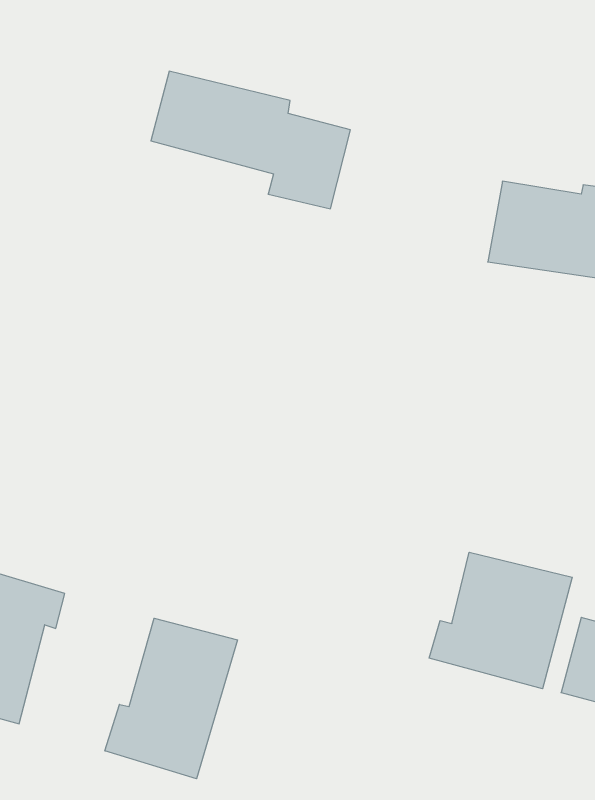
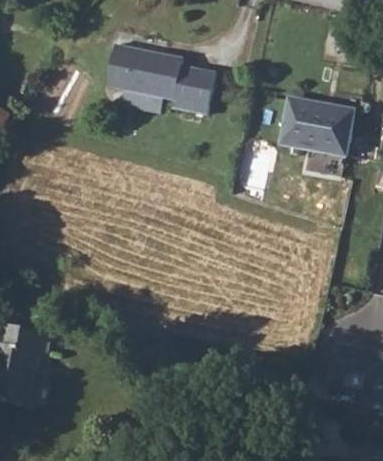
building: [429,552,572,689] -> none
building: [105,618,238,779] -> none

